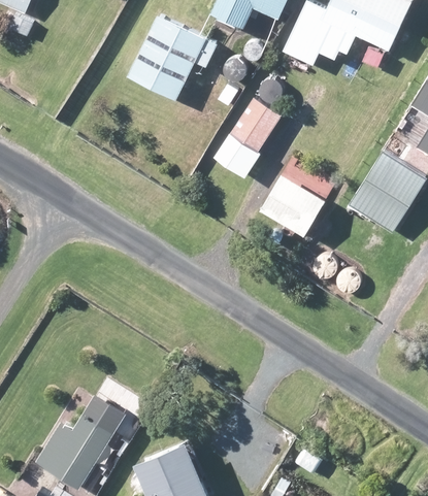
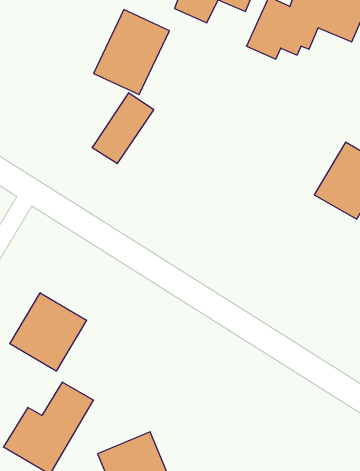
building: [218,99,281,171] -> [92,93,154,164]
building: [261,177,322,235] -> none
building: none -> [10,293,87,371]

